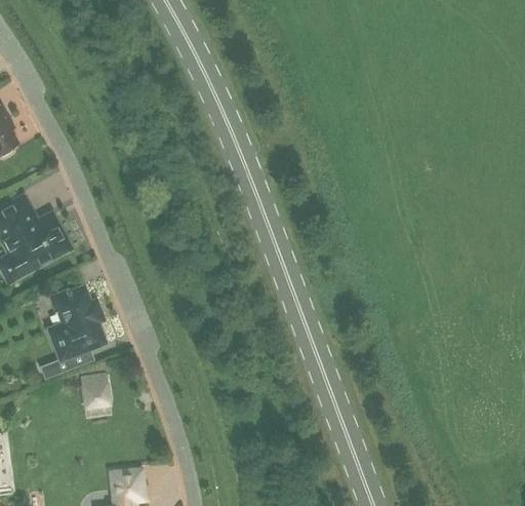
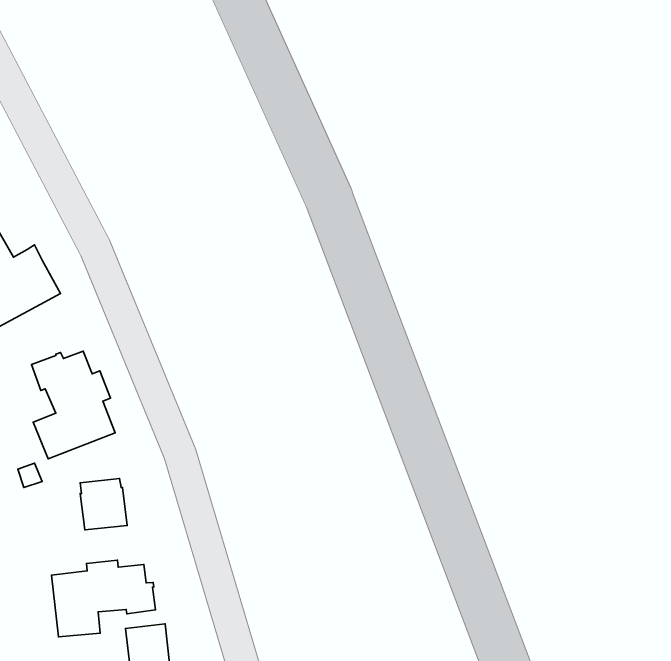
building: none -> [51,560,155,637]

